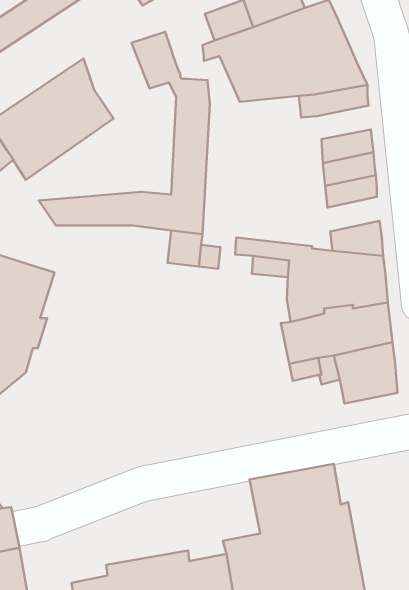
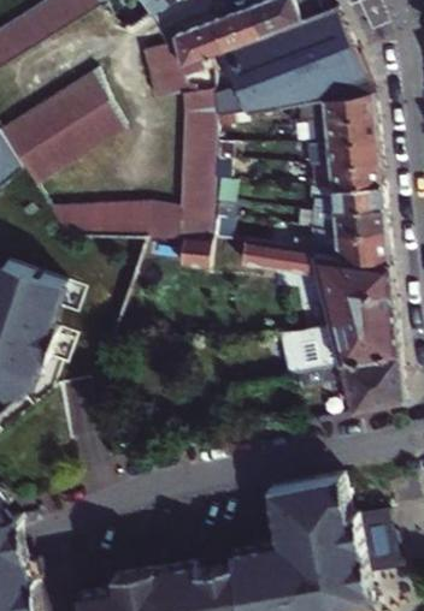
building: none -> [172,22,223,78]
building: none -> [310,113,379,147]
building: none -> [293,204,388,239]

